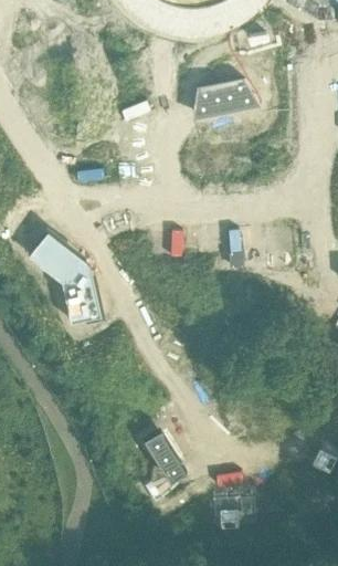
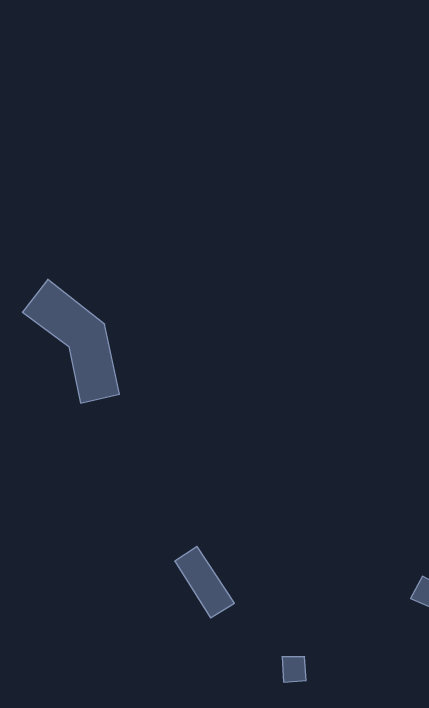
building: [193,78,258,117] -> none

